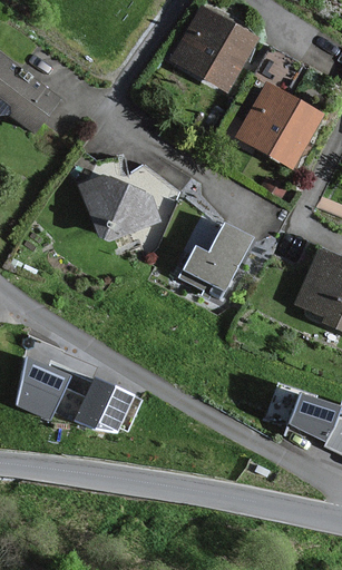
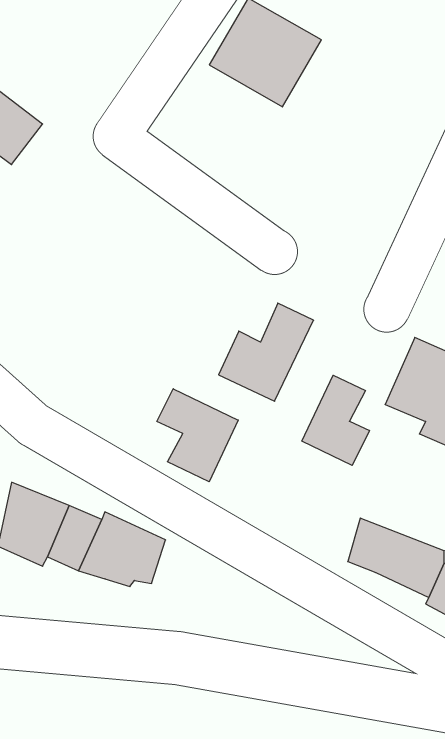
building: [237,86,317,165] -> none
building: [80,177,157,239] -> none
building: none -> [302,375,369,465]
building: none -> [157,389,238,482]

